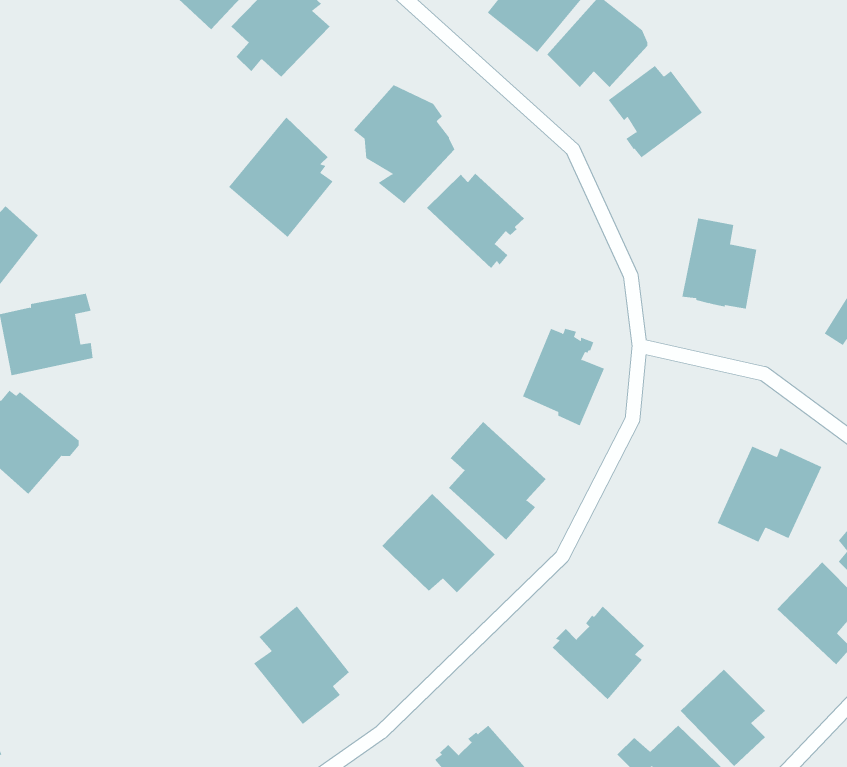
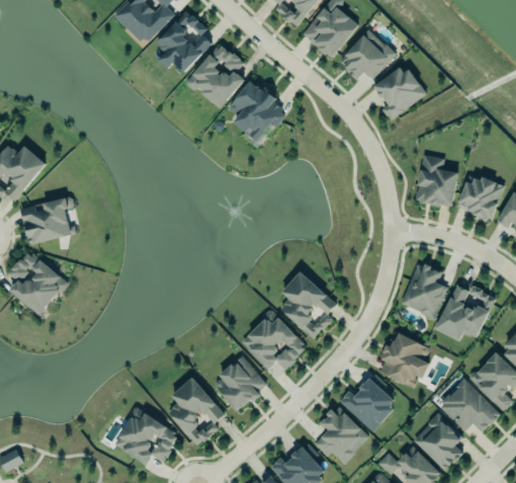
building: [228,117,334,238] -> [185,36,246,106]
building: [426,173,525,269] -> none
building: none -> [457,175,505,220]
building: [522,328,605,426] -> [401,262,448,319]
building: none -> [379,331,430,387]
building: none -> [211,356,268,412]
building: none -> [440,375,501,429]
building: none -> [315,406,369,463]
building: none -> [113,407,179,465]

